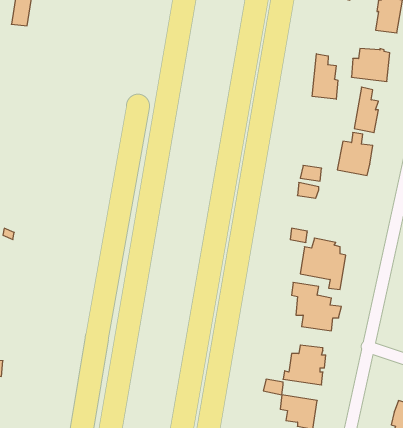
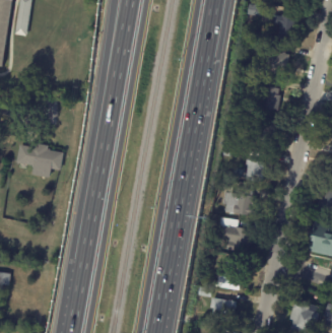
building: [312,54,338,99] -> none
building: none -> [21,142,62,175]
building: none -> [247,159,266,183]

